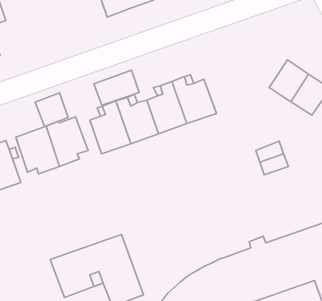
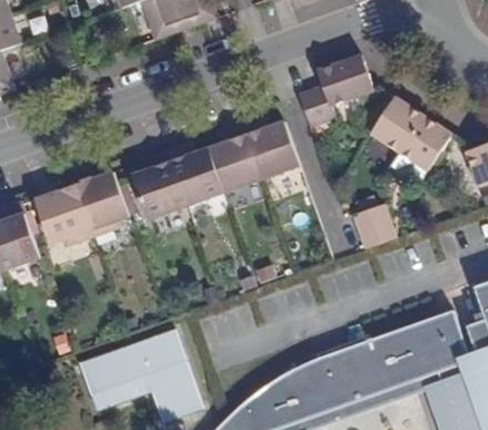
building: none -> [297,55,374,127]
building: [94,70,139,105] -> none
building: [35,93,68,127] -> none

